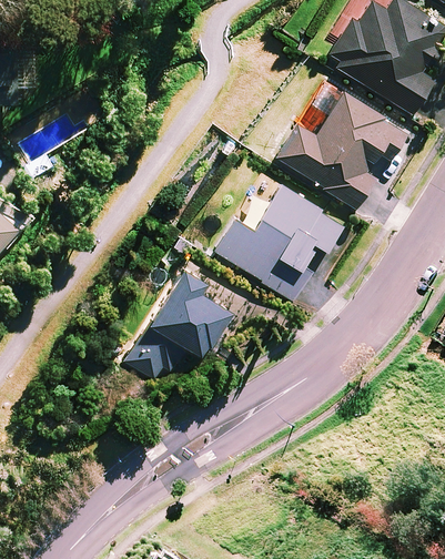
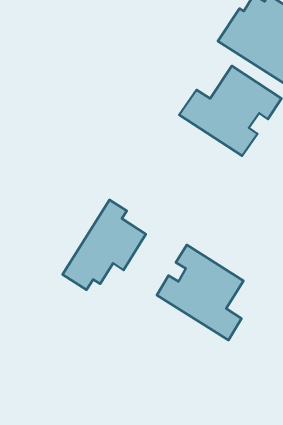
building: [213,182,343,299] -> none
building: none -> [157,245,244,340]

